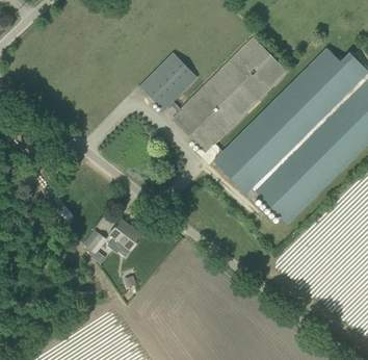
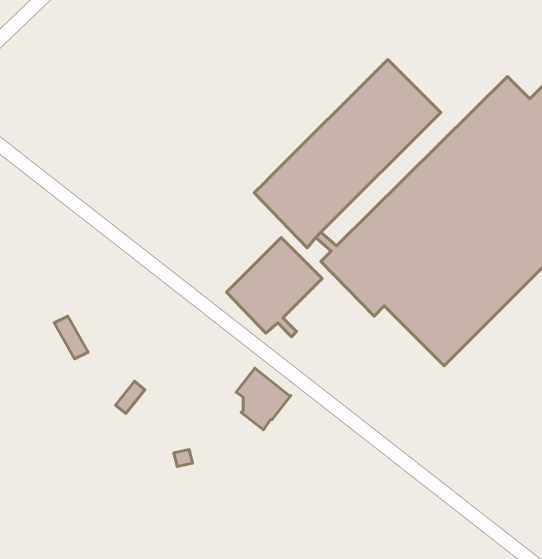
building: [139,52,198,112] -> [226,237,322,337]
building: [109,218,142,256] -> [236,368,291,430]

